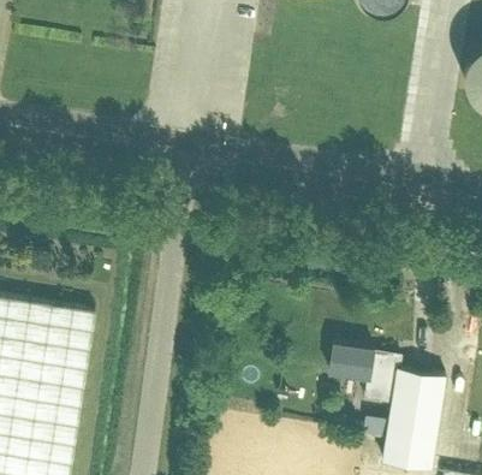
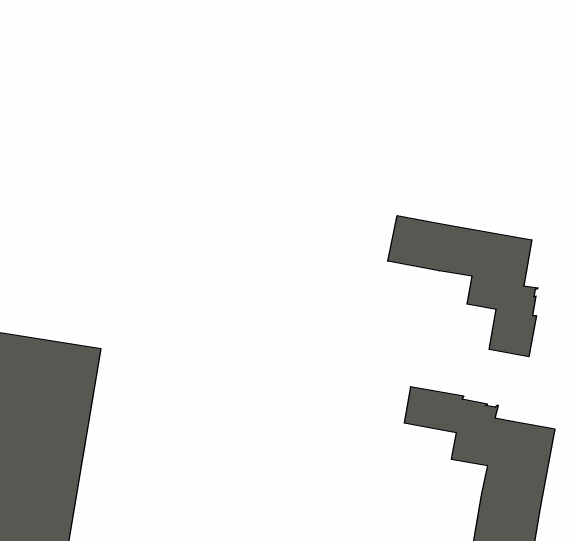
building: none -> [388,216,538,357]

